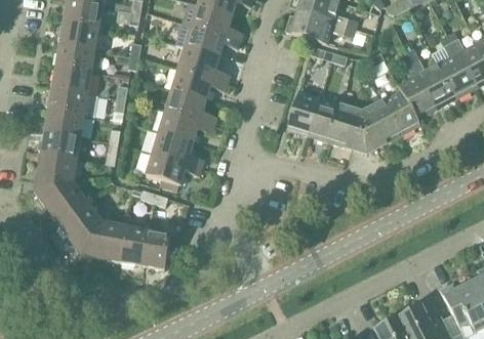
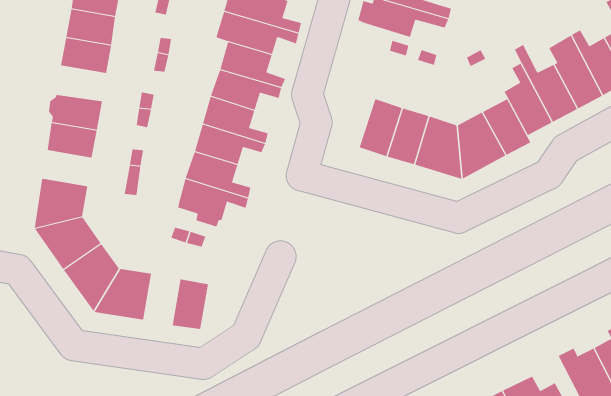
building: [52,65,91,92] -> none
building: [38,130,80,158] -> none
building: [120,225,148,265] -> none

